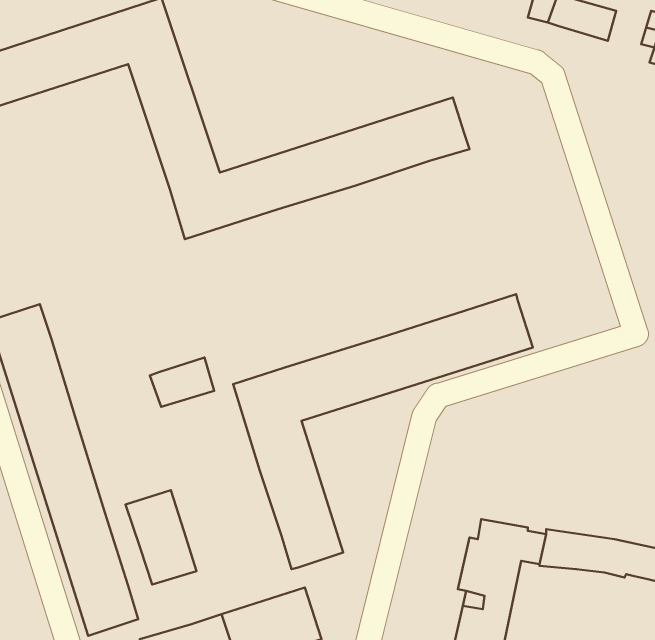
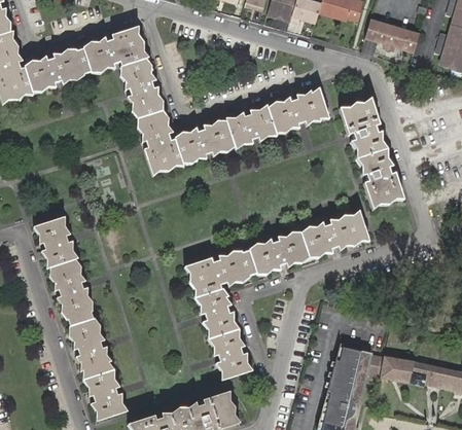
building: none -> [340,97,403,210]
building: [150,358,214,407] -> none
building: [125,490,197,585] -> none

